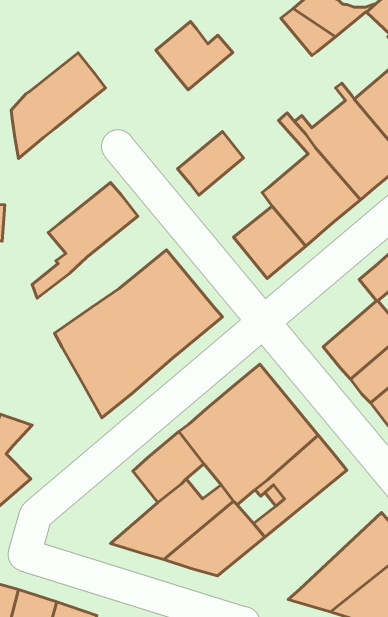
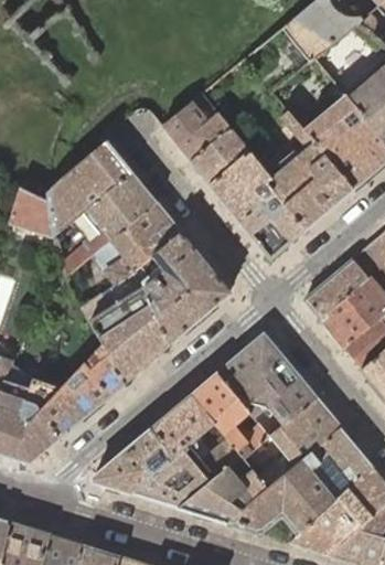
building: [156,22,233,90] -> [162,100,231,161]
building: [11,53,106,159] -> [47,142,131,236]
building: none -> [210,151,275,222]
building: none -> [95,203,181,284]
building: none -> [304,259,367,319]
building: none -> [39,344,124,436]
building: none -> [226,428,372,534]
building: none -> [93,429,173,493]

